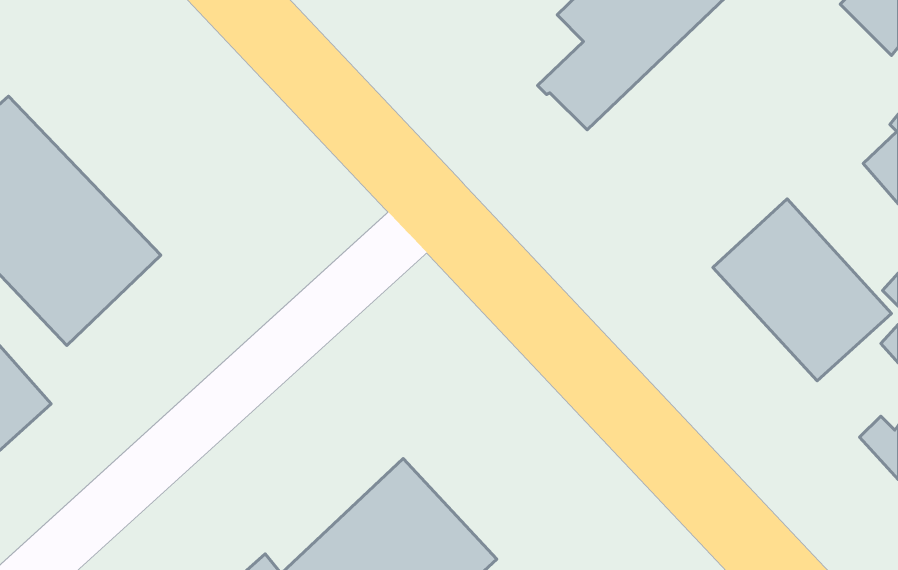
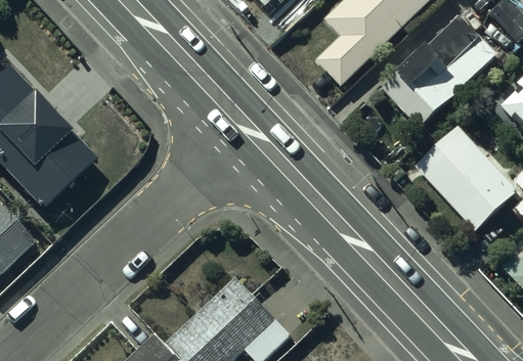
building: none -> [382,14,496,122]

